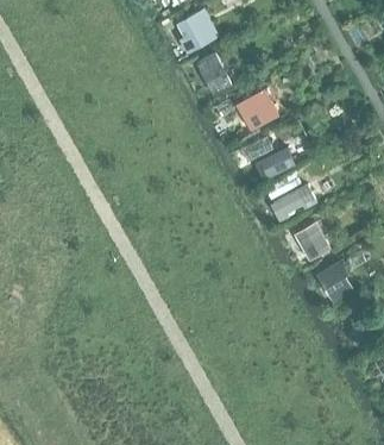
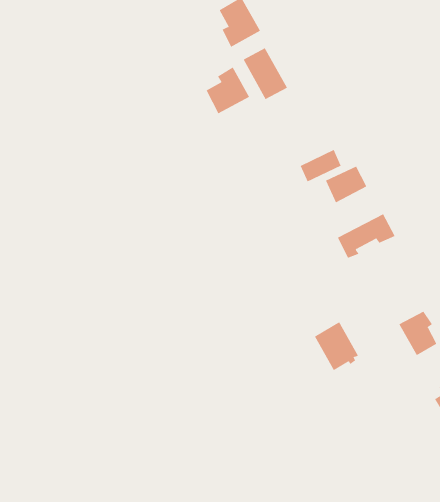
building: none -> [206,66,250,114]
building: [240,90,278,129] -> none
building: [295,221,331,261] -> [314,322,359,371]

